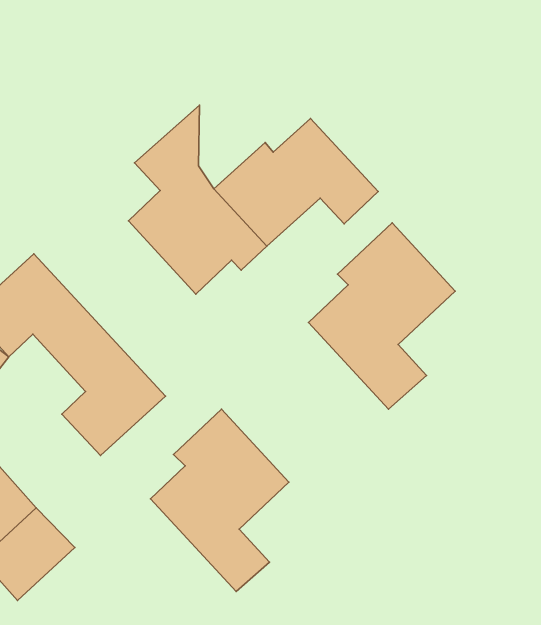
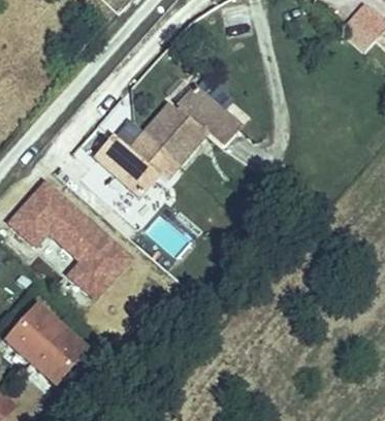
building: [308,223,455,409] -> none
building: [150,409,289,592] -> none

